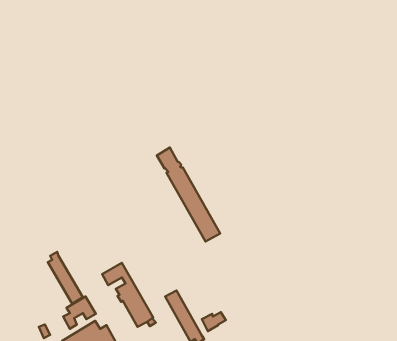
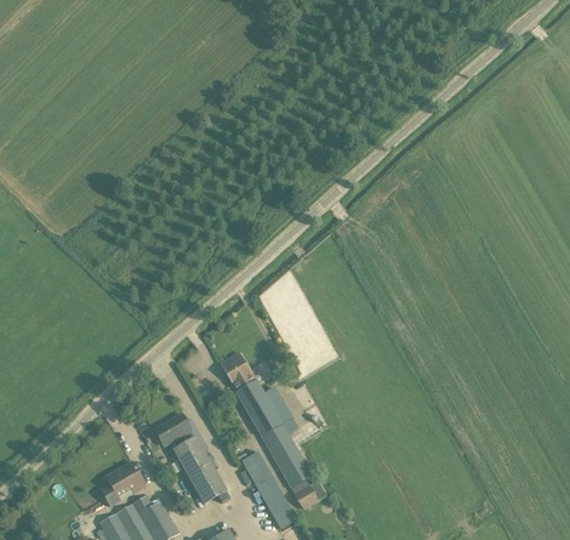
building: [157,148,220,241] -> [223,357,312,488]
building: [48,252,83,304] -> none

